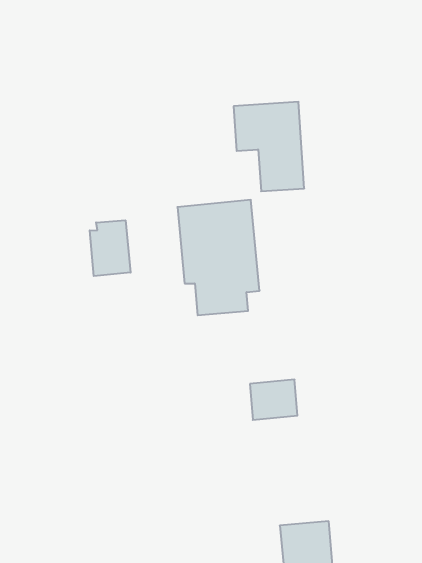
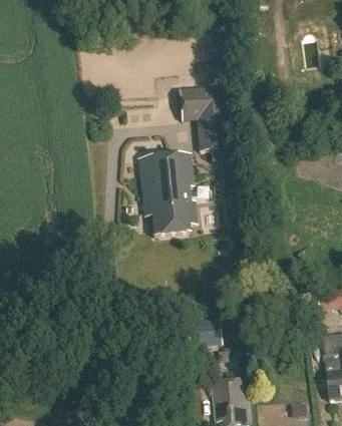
building: [90,220,131,276] -> none
building: [250,380,297,420] -> [188,319,221,347]

